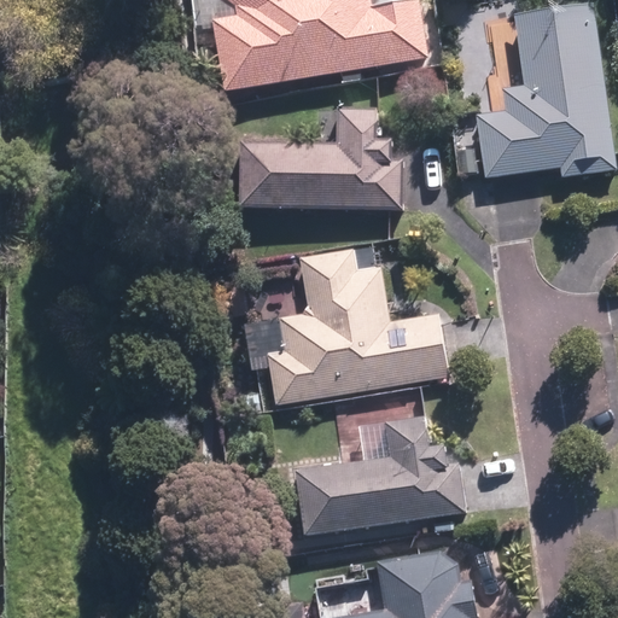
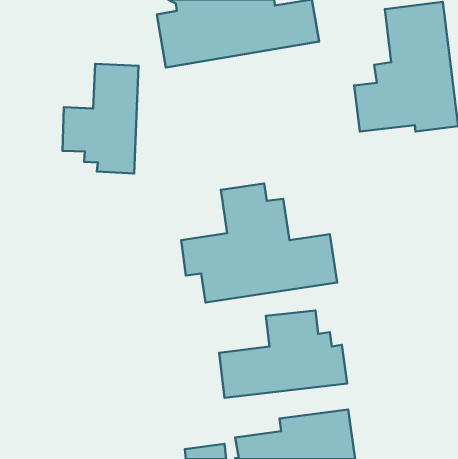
building: none -> [62,64,139,174]
building: [237,106,419,210] -> none

